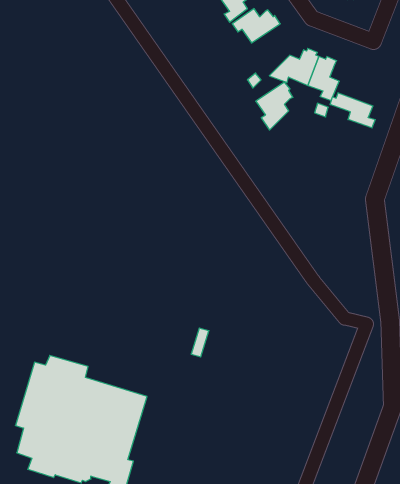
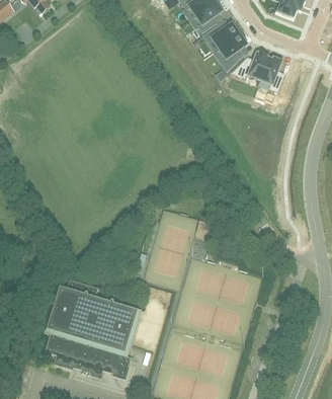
building: [256,82,293,130] -> [219,33,246,69]
building: [330,93,375,128] -> none

